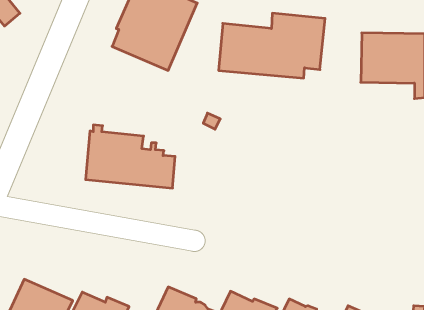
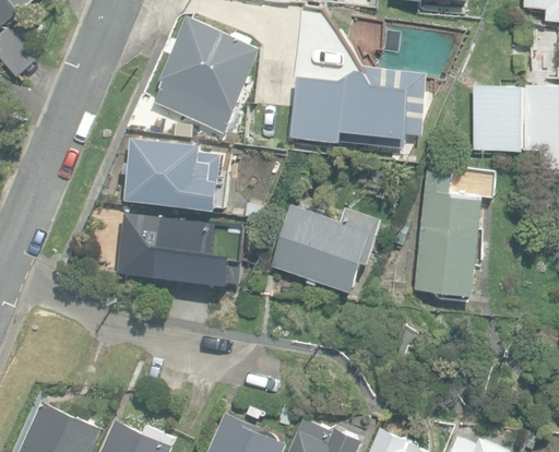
building: none -> [122,138,222,211]
building: none -> [413,165,493,295]
building: none -> [269,204,382,293]

